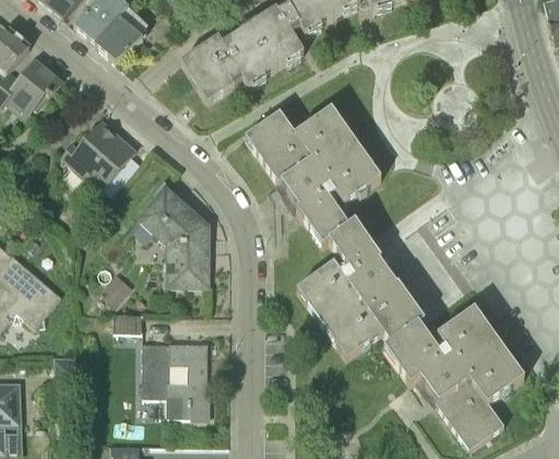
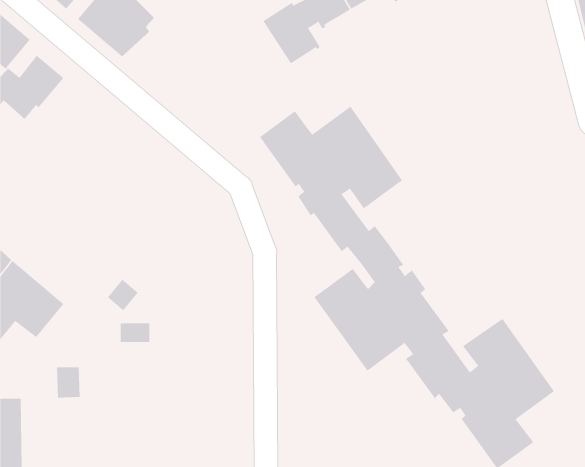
building: [180,27,274,102] -> none
building: [60,111,135,190] -> none
building: [136,181,207,284] -> none
building: [142,341,210,415] -> none

